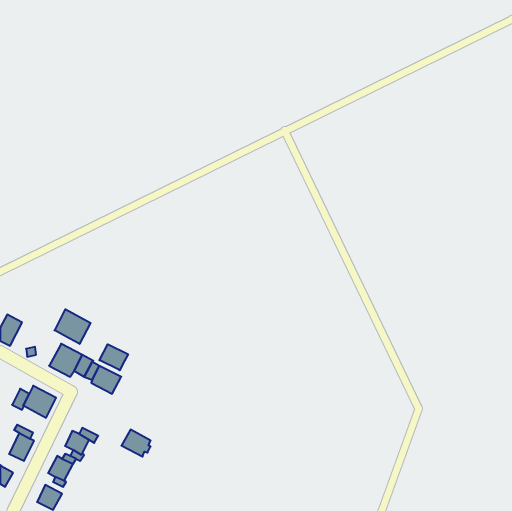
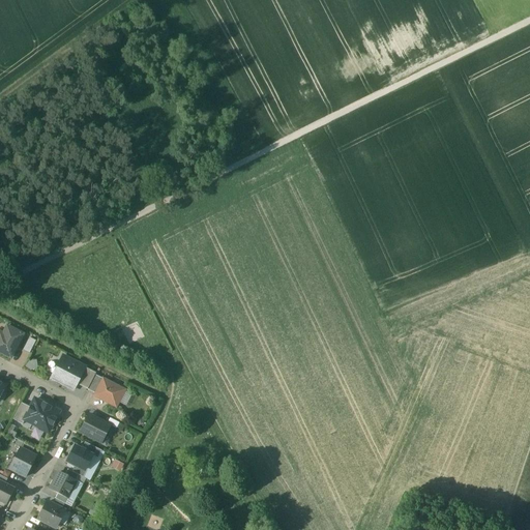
building: [54,309,91,344] -> none
building: [99,344,128,370] -> none
building: [121,430,151,457] -> [80,414,110,442]

